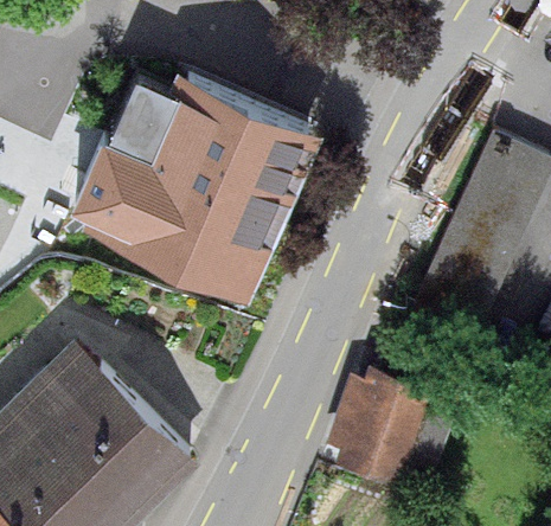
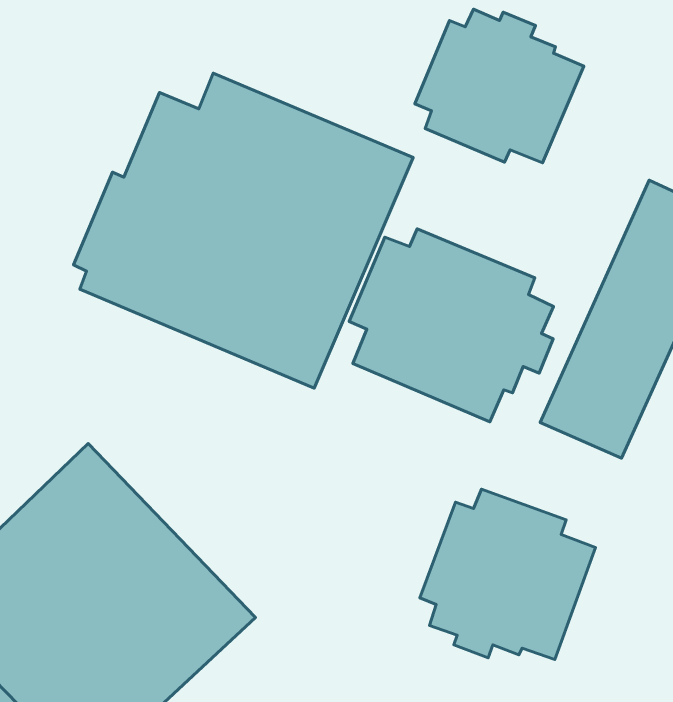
building: none -> [415,9,584,163]
building: none -> [349,229,553,422]

